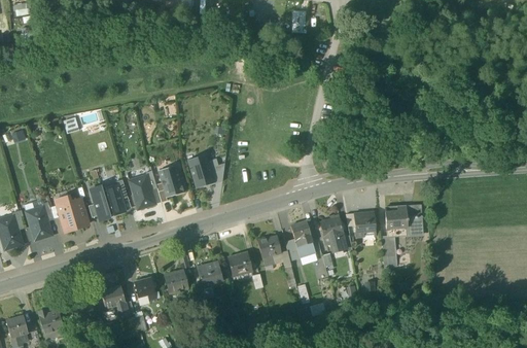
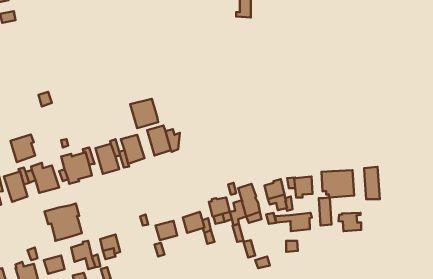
building: none -> [130,99,158,128]
building: none -> [10,135,35,162]
building: none -> [364,167,380,199]
building: none -> [44,203,82,241]
building: none -> [275,213,312,231]
building: none -> [339,213,361,231]
building: [164,270,187,293] -> none

